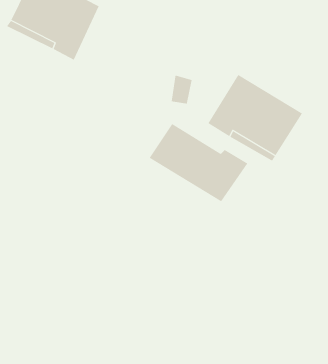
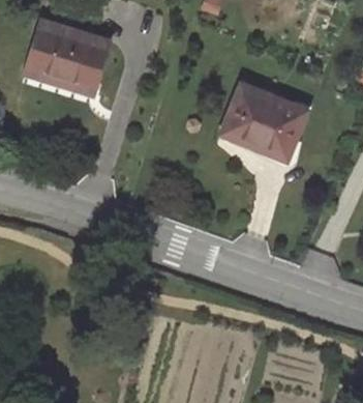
building: [149,123,248,202] -> none

